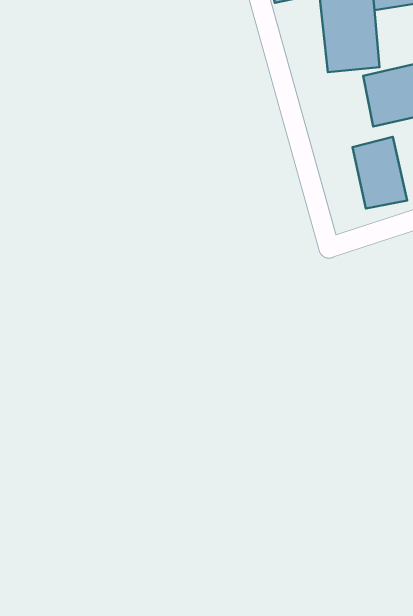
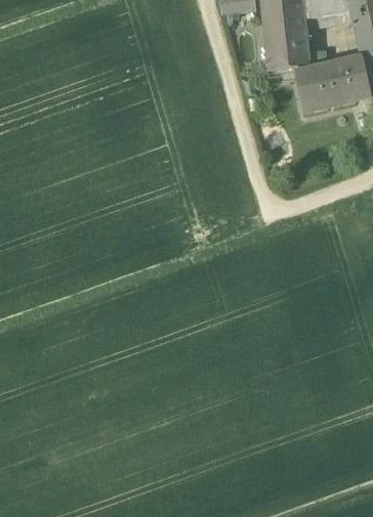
building: [353,137,407,208] -> none

